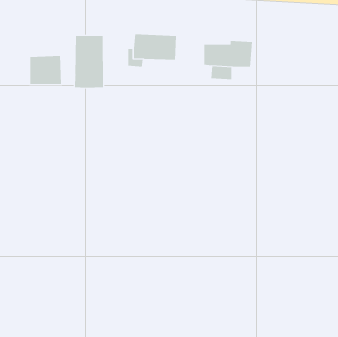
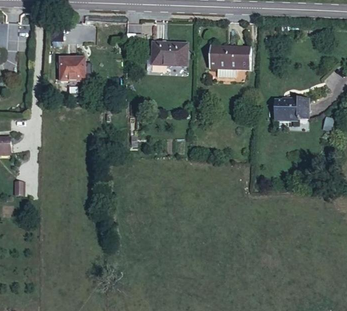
building: [74,35,103,88] -> none
building: none -> [271,95,306,119]

